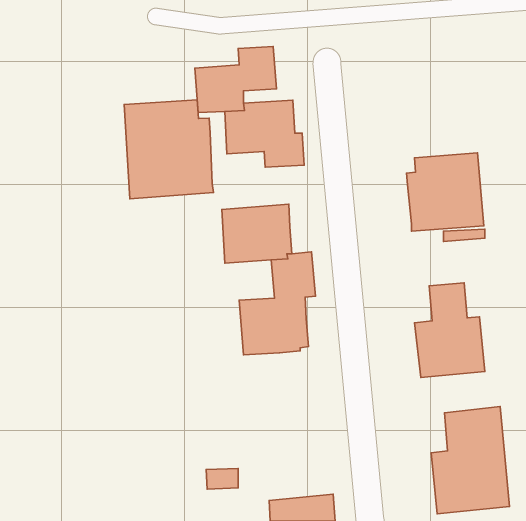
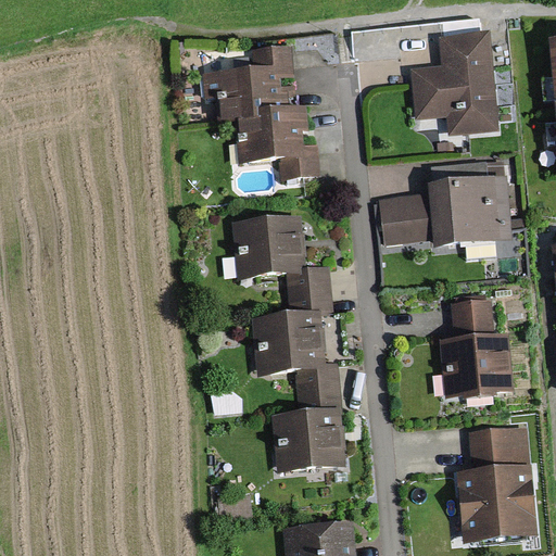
building: none -> [413,31,496,132]
building: [124,100,213,199] -> none
building: none -> [381,194,433,241]
building: none -> [271,364,345,471]

